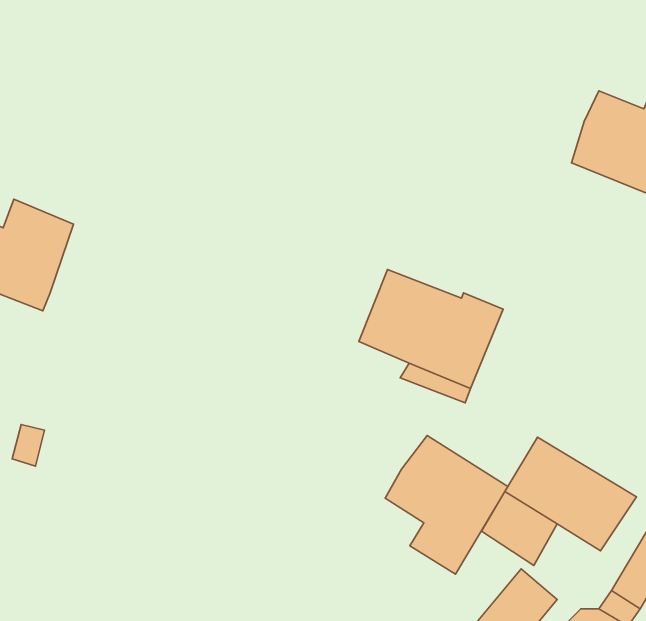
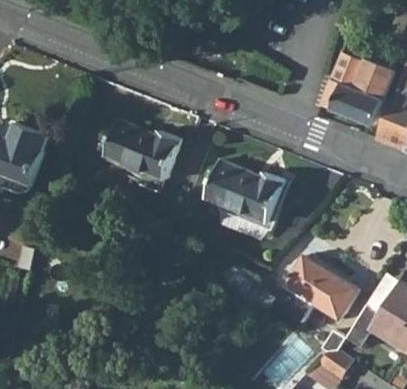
building: none -> [106,122,181,183]
building: [385,436,508,574] -> none

